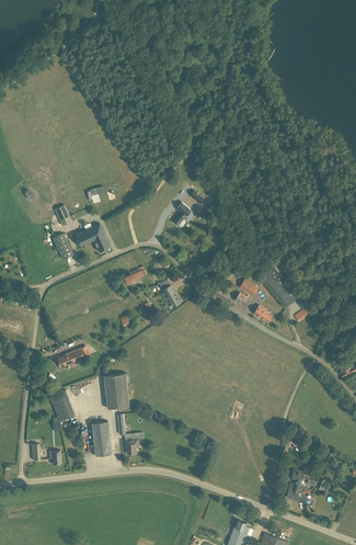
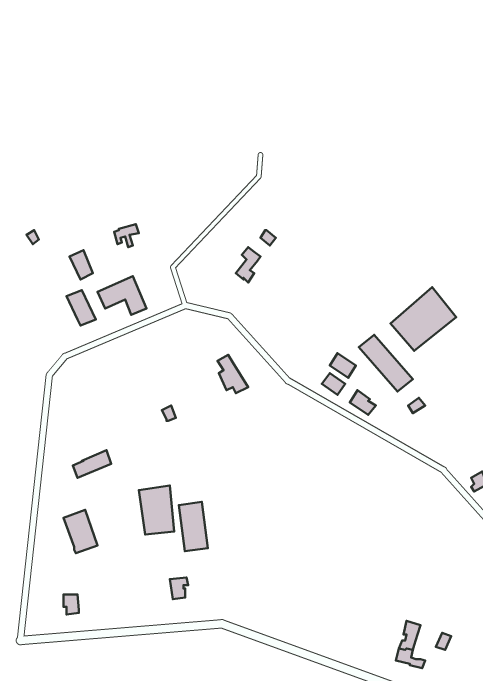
building: none -> [391,287,456,351]
building: [90,420,111,455] -> [179,502,208,551]

